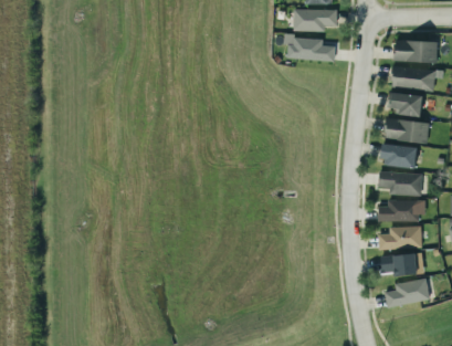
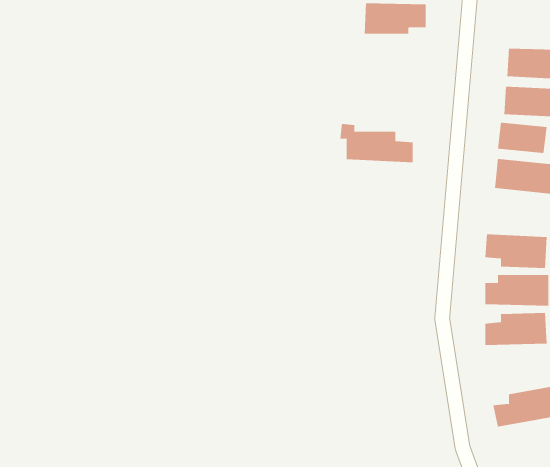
building: [283,33,335,61] -> [340,123,413,163]
building: [381,145,417,167] -> none
building: [380,254,417,275] -> none

